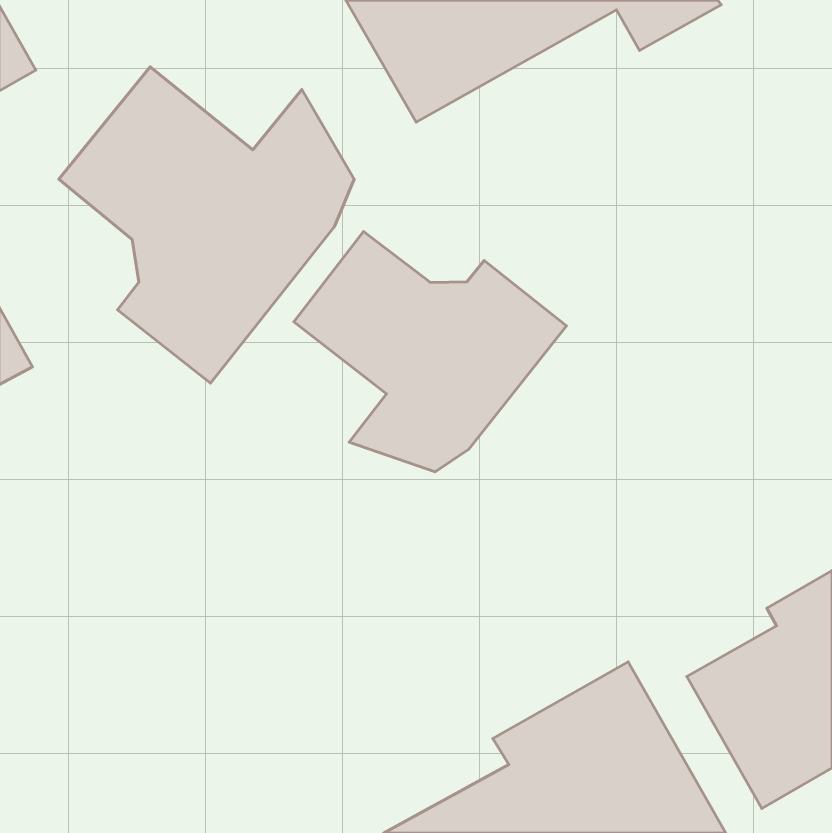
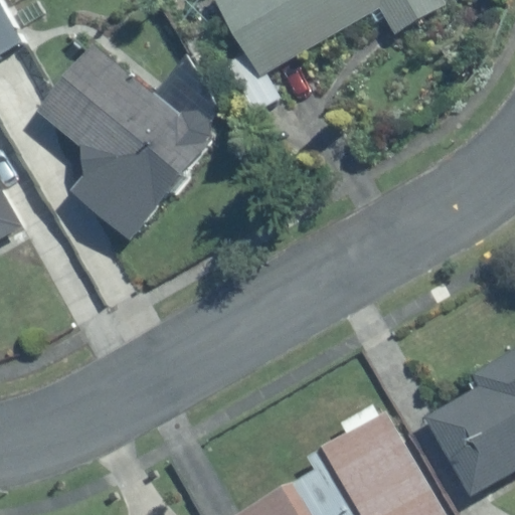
building: [294,231,567,472] -> none

